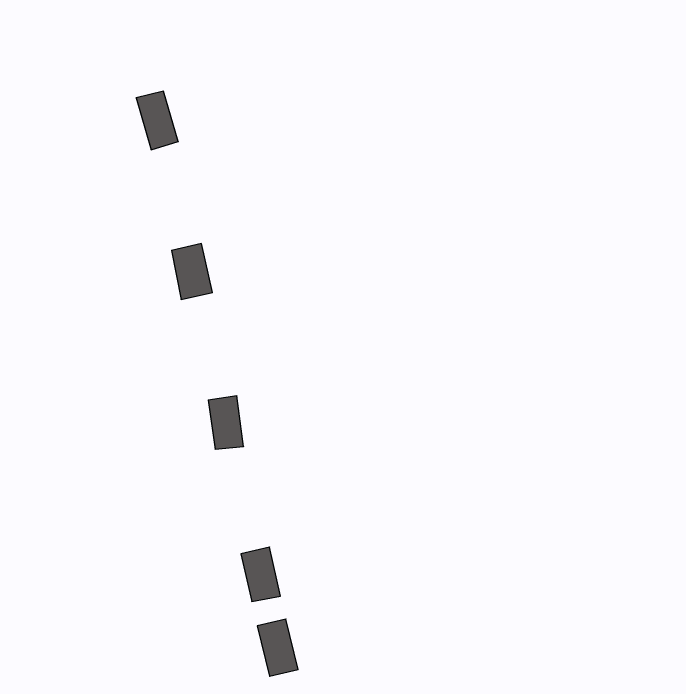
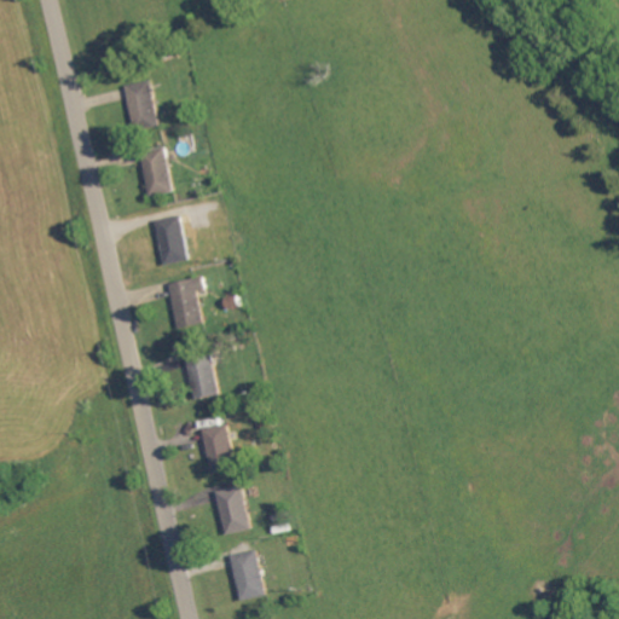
building: none -> [139,151,170,198]
building: none -> [166,276,203,329]
building: none -> [201,424,235,474]

